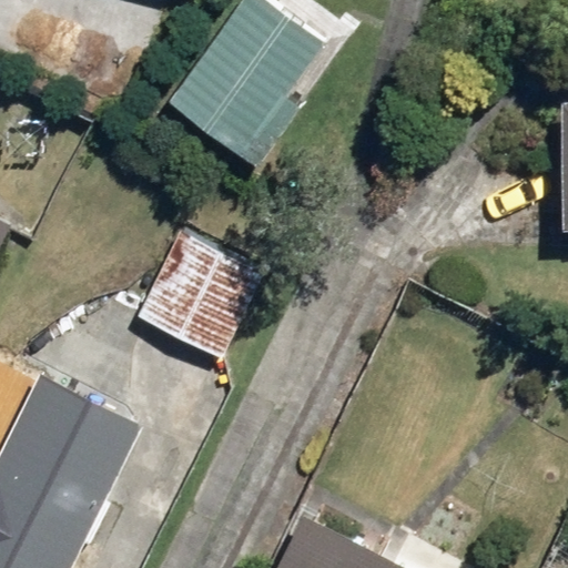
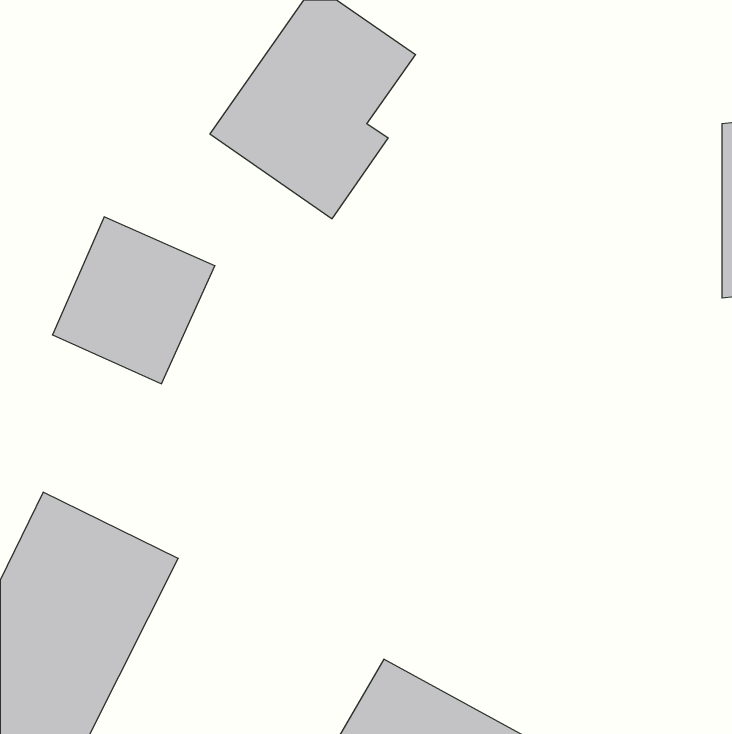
building: [140,227,265,356] -> [52,217,215,384]

